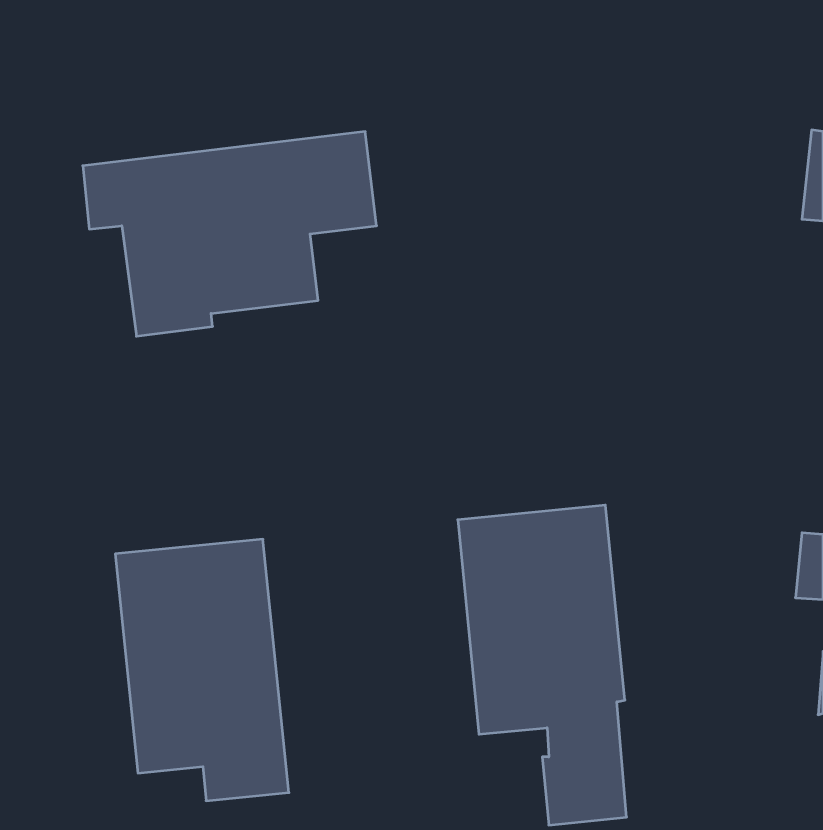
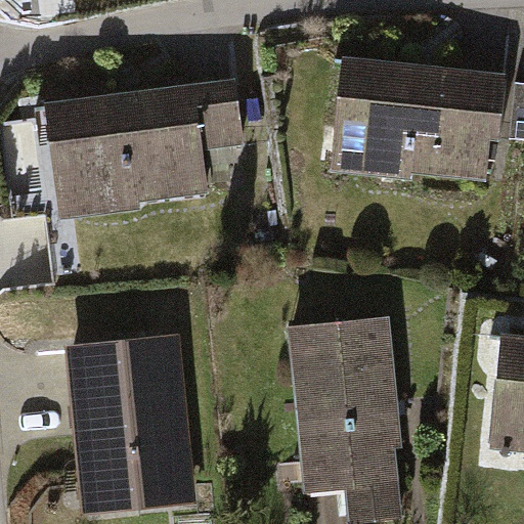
building: none -> [348,61,500,177]

